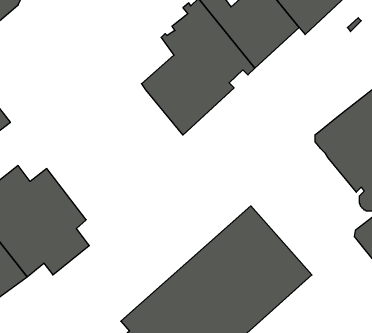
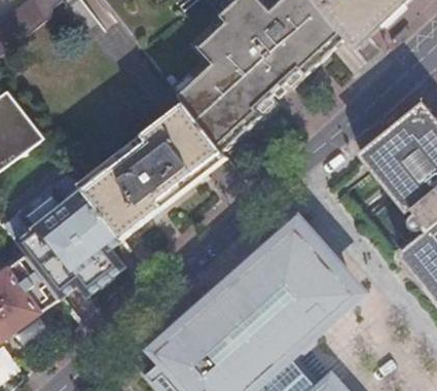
building: none -> [81,102,227,238]

